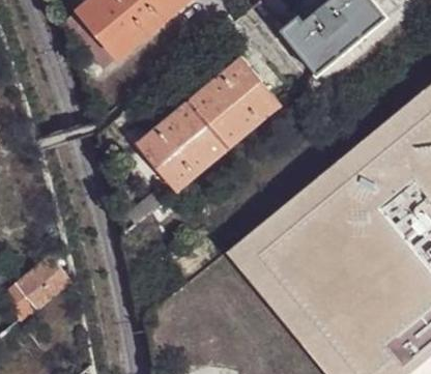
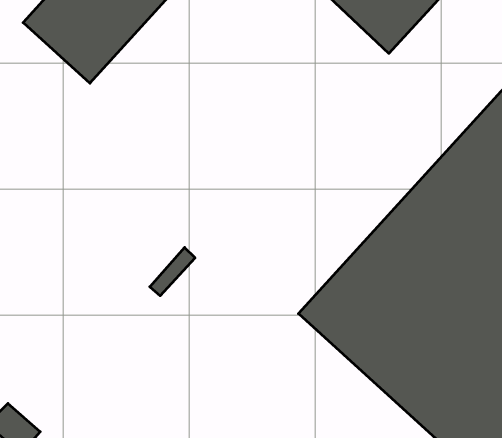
building: [136,59,280,194] -> none
building: [17,257,69,308] -> none

